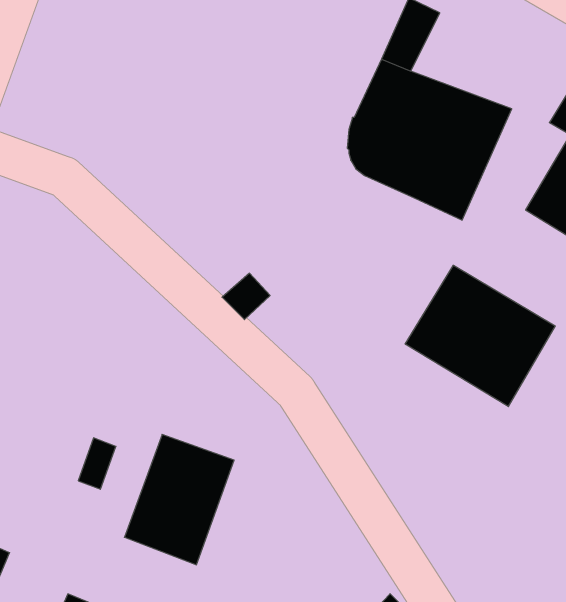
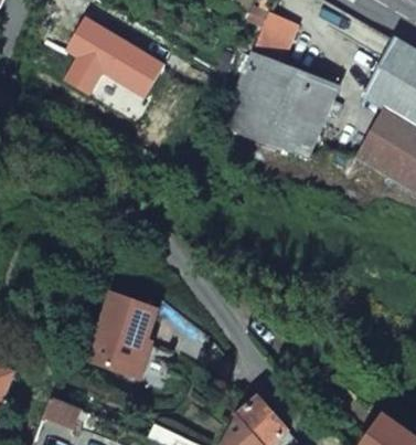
building: none -> [66,20,161,97]
building: [405,265,555,407] -> none

